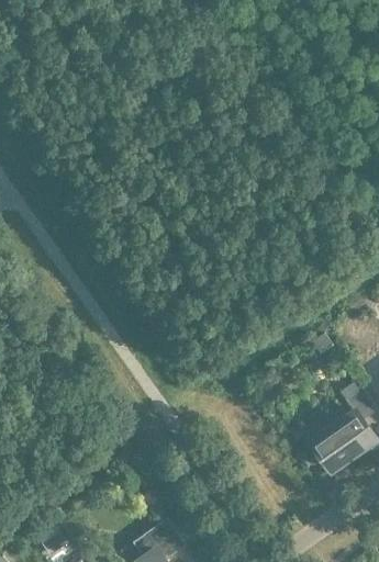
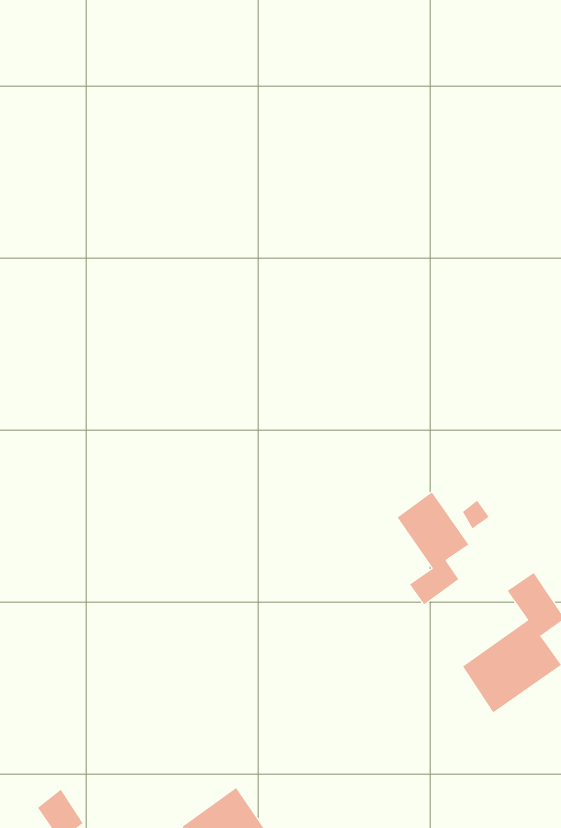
building: none -> [397,492,469,605]

